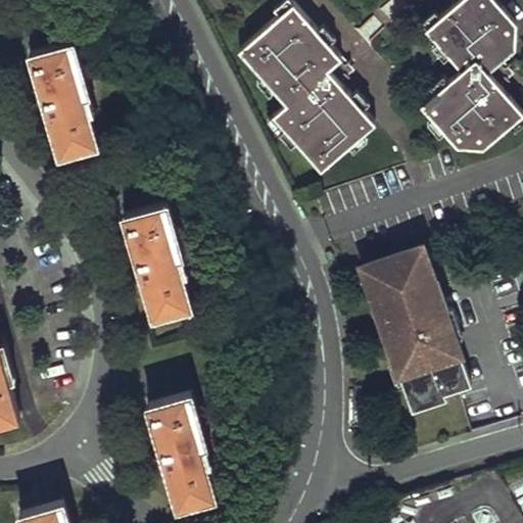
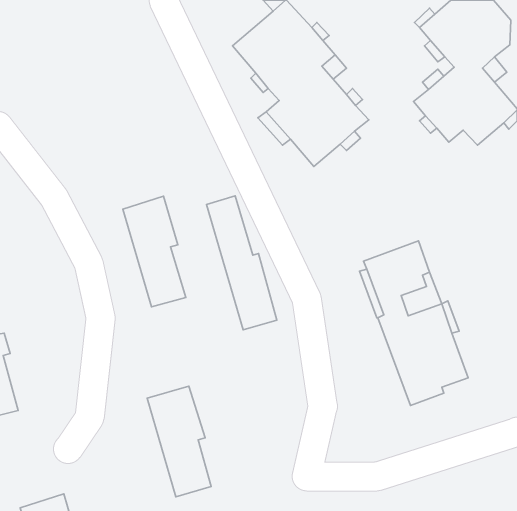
building: [30,44,95,157] -> none
building: none -> [207,196,277,330]

